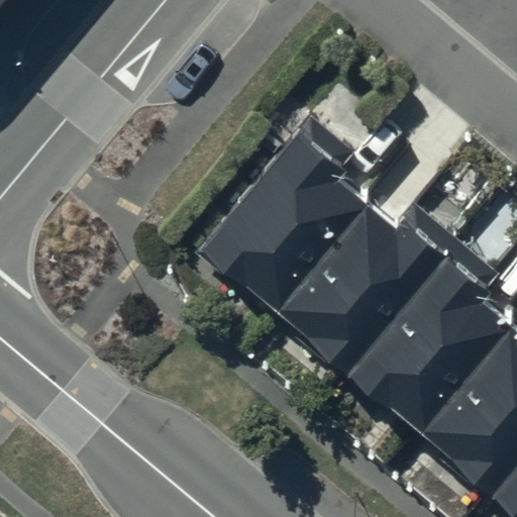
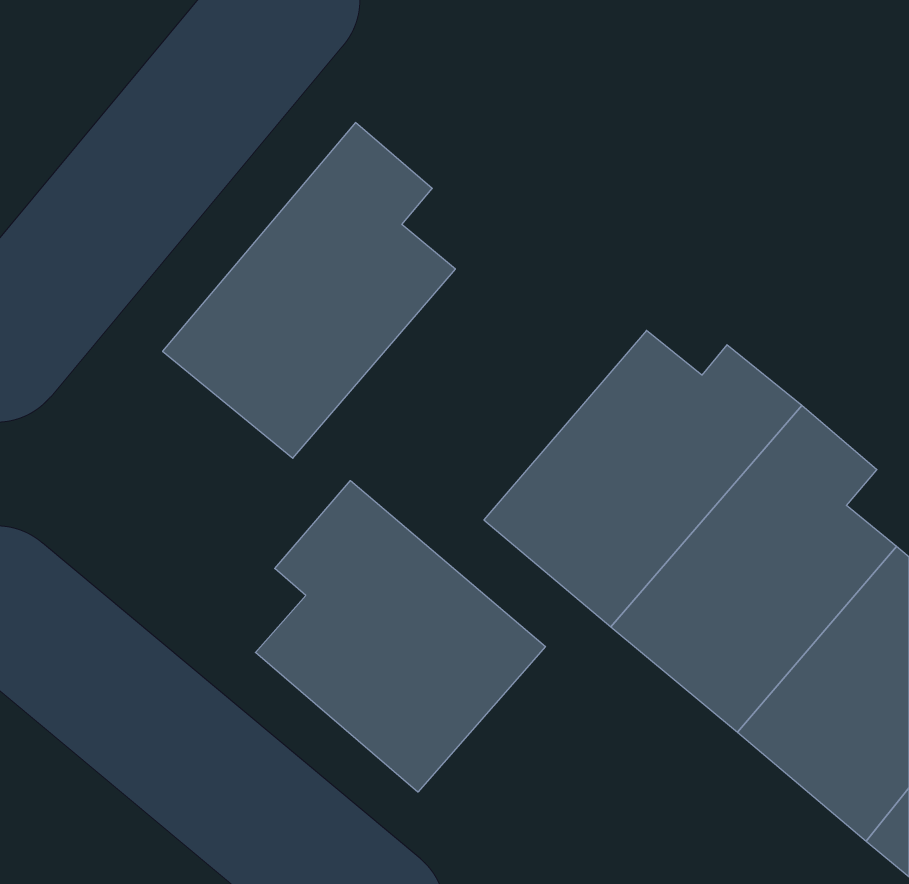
building: [200,120,366,310] -> [163,123,455,458]
building: none -> [255,481,545,792]

